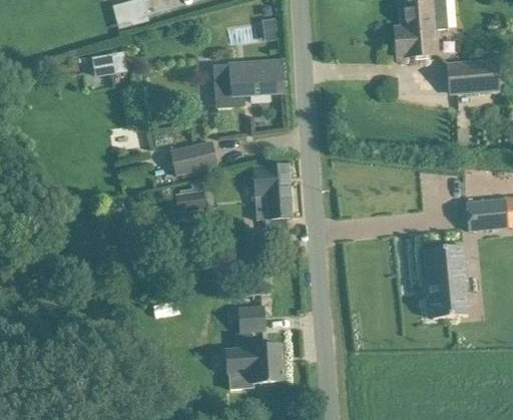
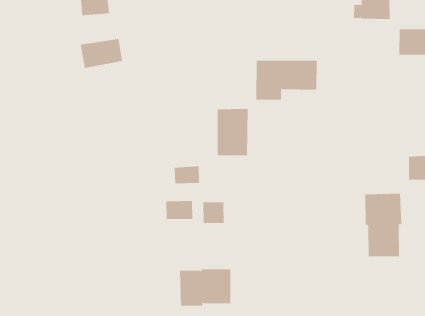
building: [212,59,283,108] -> [256,60,318,100]
building: [169,139,218,175] -> [80,38,123,68]
building: [175,189,205,212] -> [174,166,200,184]
building: [238,308,271,331] -> [166,200,193,219]

